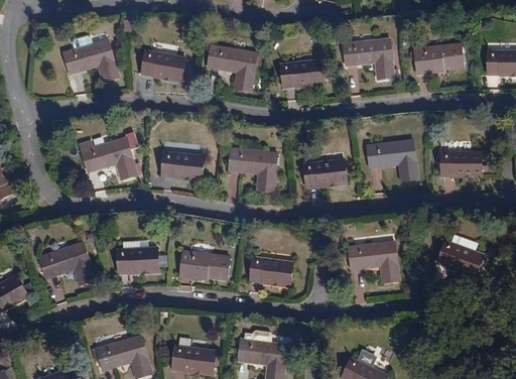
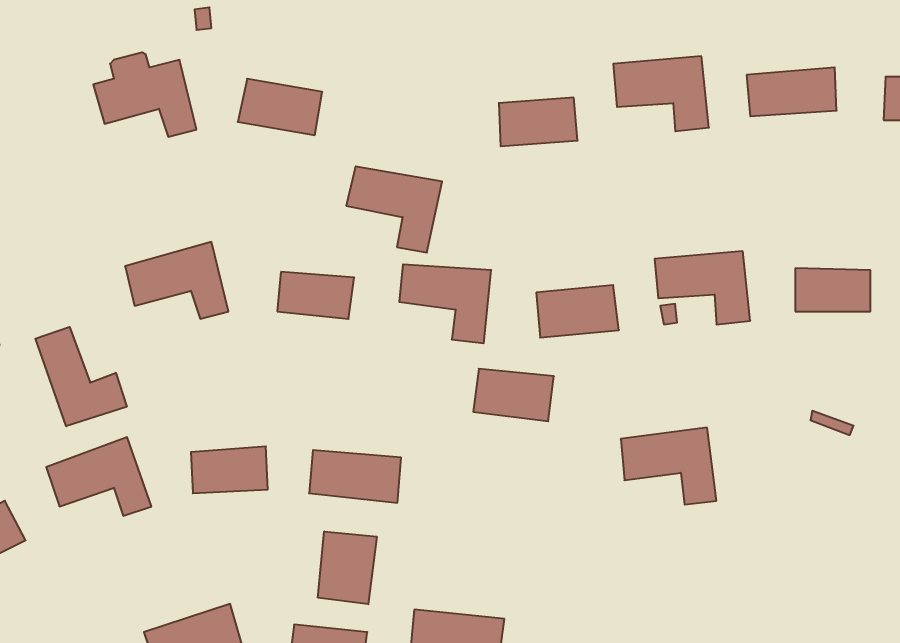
building: [209,44,260,91] -> [346,166,442,253]
building: none -> [35,327,127,426]
building: [437,236,486,271] -> none
building: [250,254,293,282] -> [473,369,554,421]
building: none -> [318,531,377,604]

